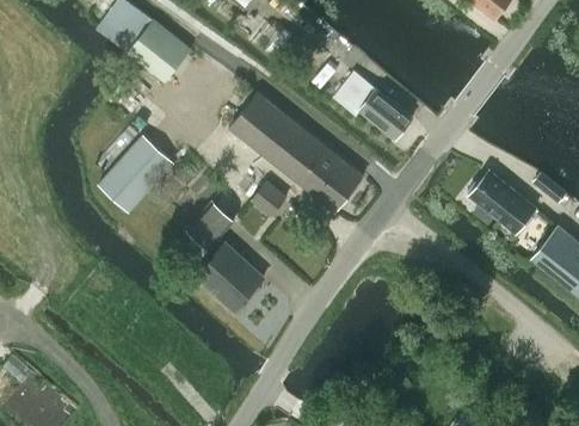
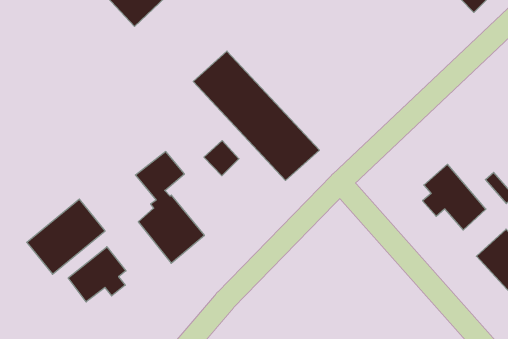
building: [333,70,412,140] -> none
building: [98,135,173,212] -> [27,199,105,274]
building: none -> [68,247,126,302]

